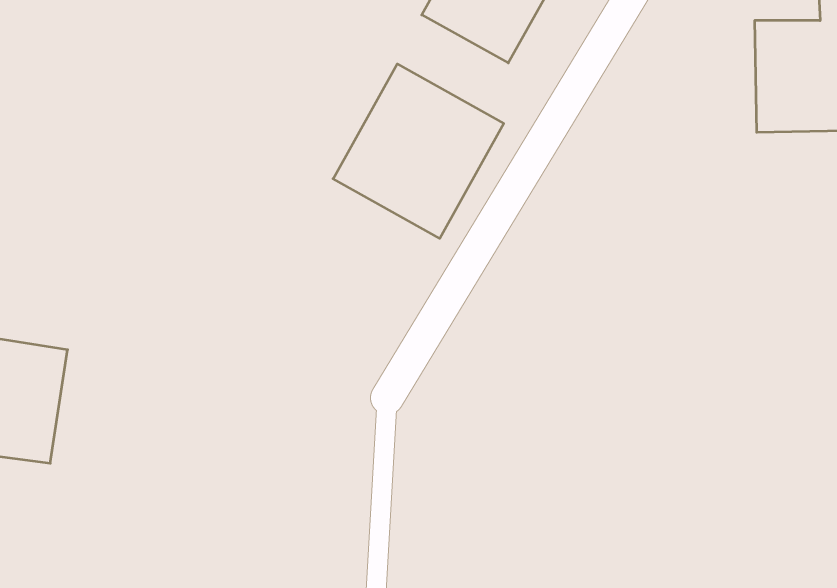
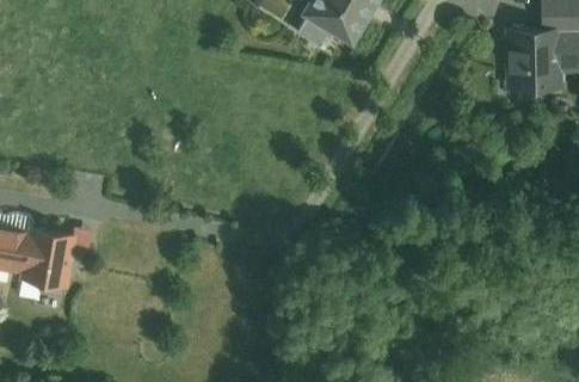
building: [333,64,504,238] -> none

